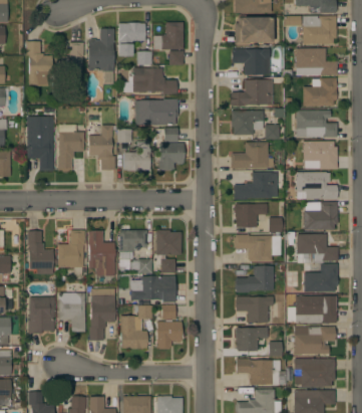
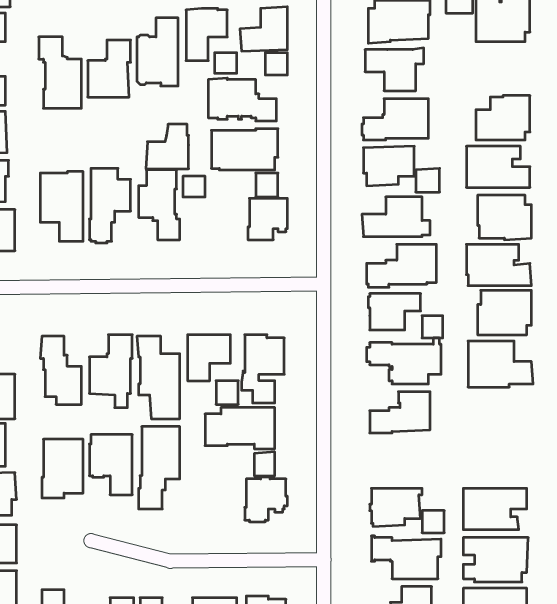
building: [296,48,337,75] -> none
building: [123,142,150,170] -> [146,124,189,169]
building: [301,264,338,292] -> none
building: [236,296,274,323] -> none
building: [296,296,337,324] -> none
building: [120,305,152,350] -> none

